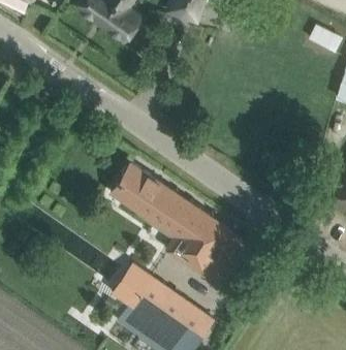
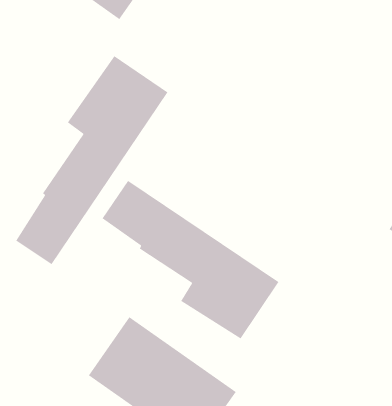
building: none -> [15,55,168,265]

